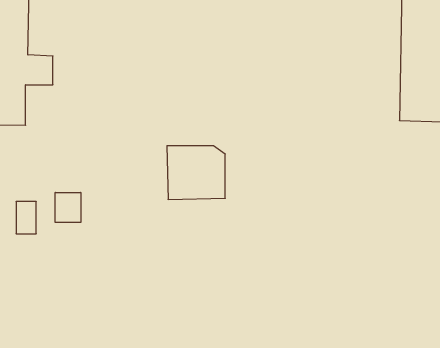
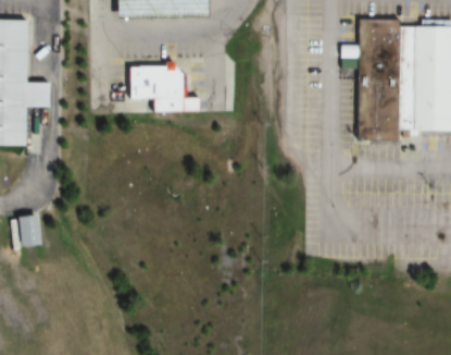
building: [167,146,225,199] -> [131,63,185,112]
building: [55,192,81,222] -> none

